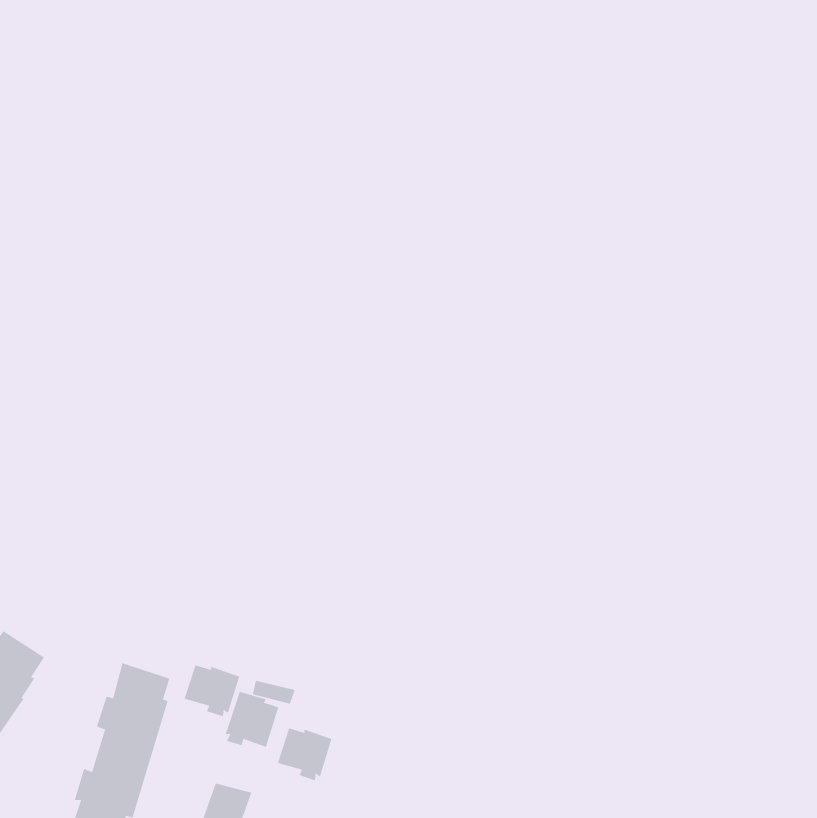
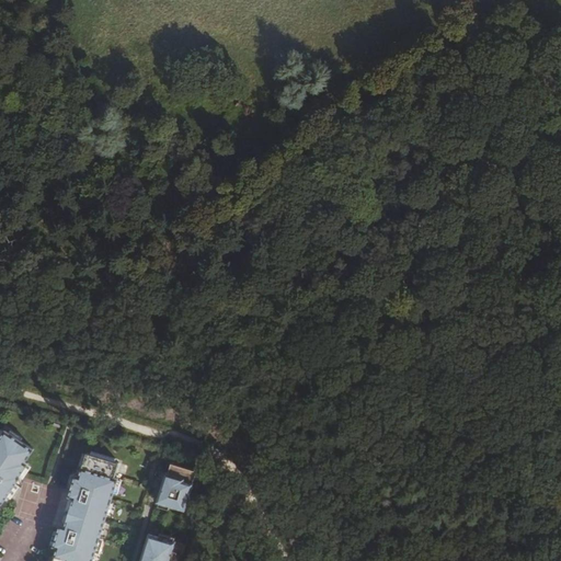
building: [184,665,240,717] -> none
building: [277,727,332,781] -> none

